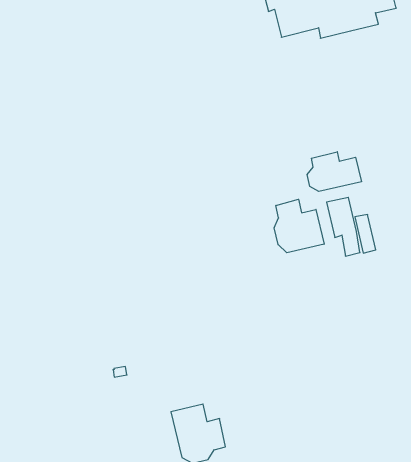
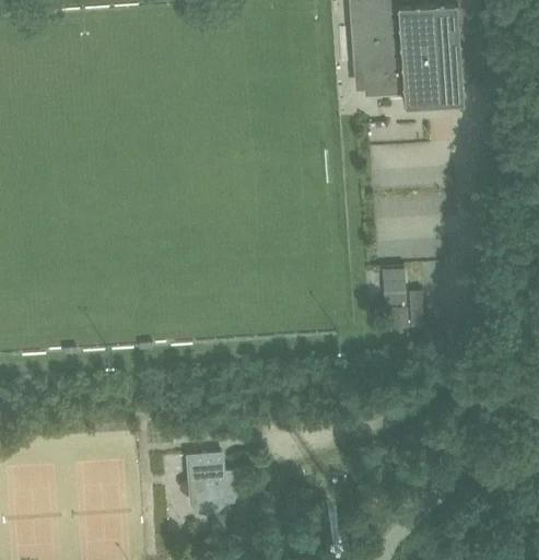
building: [307,152,361,191] -> none
building: [274,199,324,253] -> none

